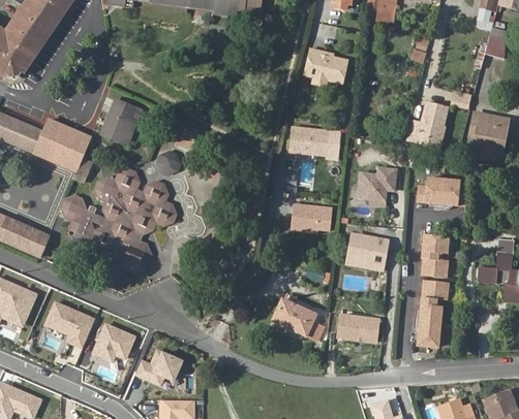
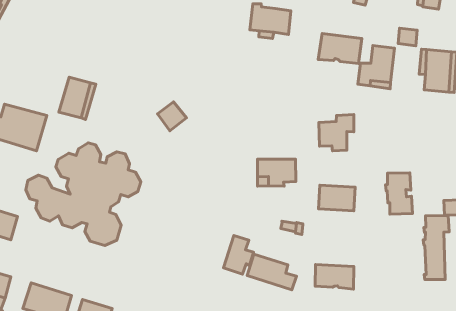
building: none -> [318,34,362,63]
building: [293,127,331,152] -> none
building: [156,147,185,175] -> [157,102,187,131]
building: [418,176,467,203] -> none
building: none -> [224,236,253,274]
building: [418,279,449,345] -> [423,215,449,280]

